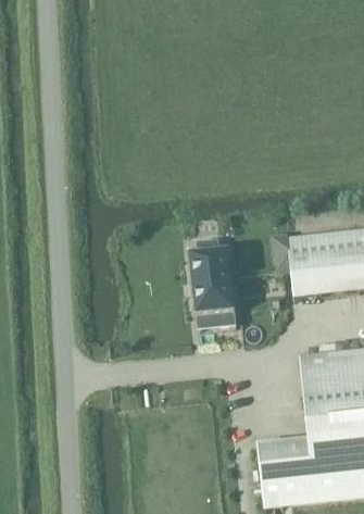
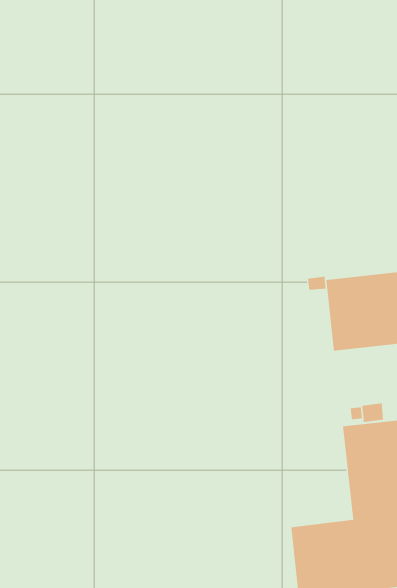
building: [190,240,237,327] -> none

